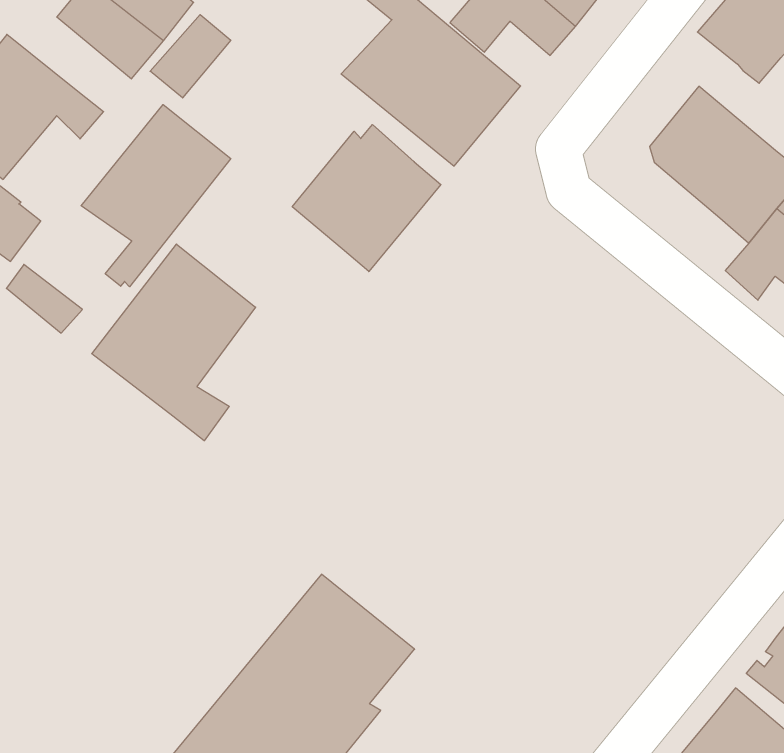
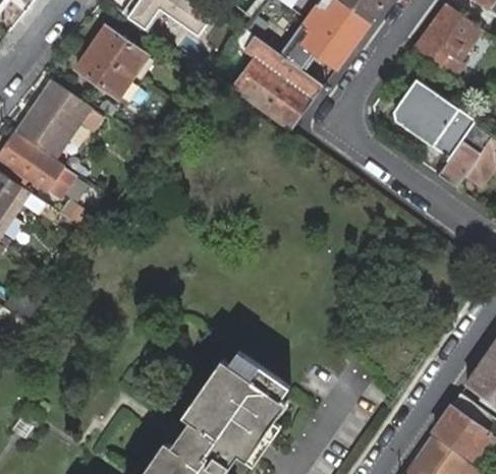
building: [150,15,231,98] -> none
building: [81,105,231,287] -> none
building: [292,125,441,272] -> none
building: [92,244,256,441] -> none

